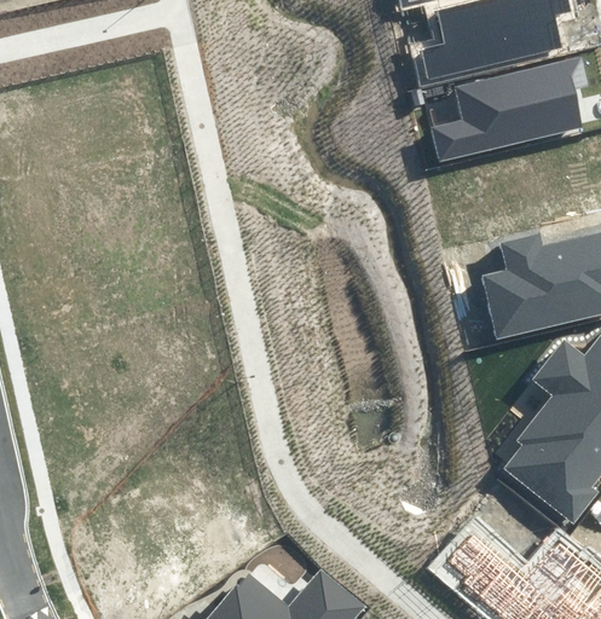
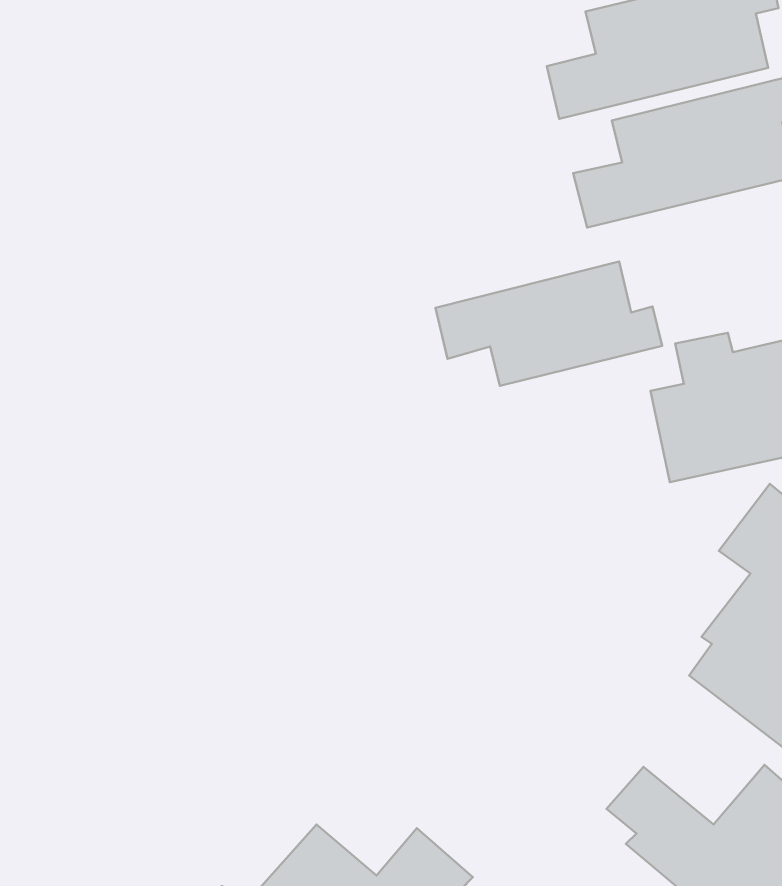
building: none -> [435,262,662,386]

